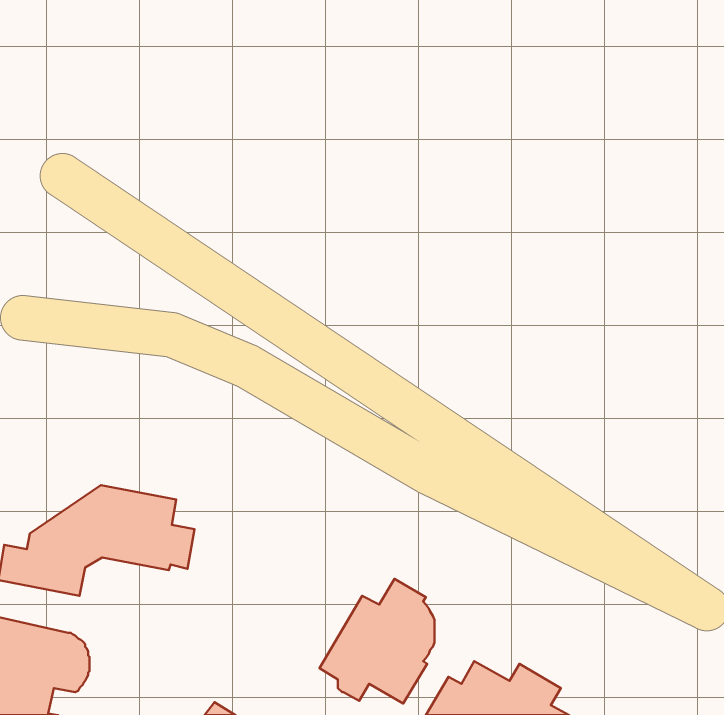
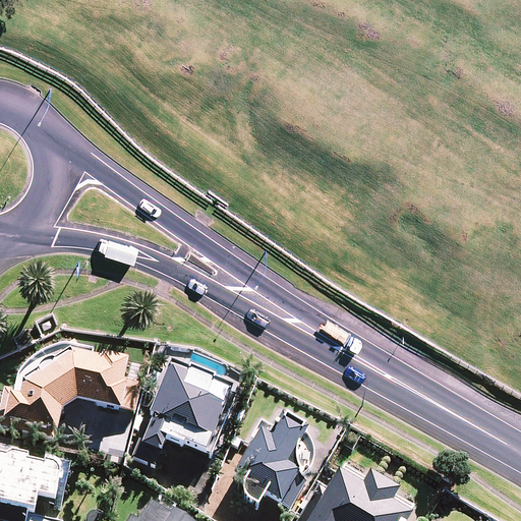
building: none -> [129,360,231,463]

